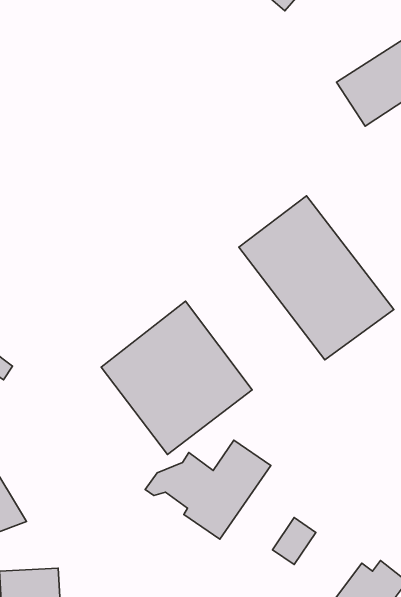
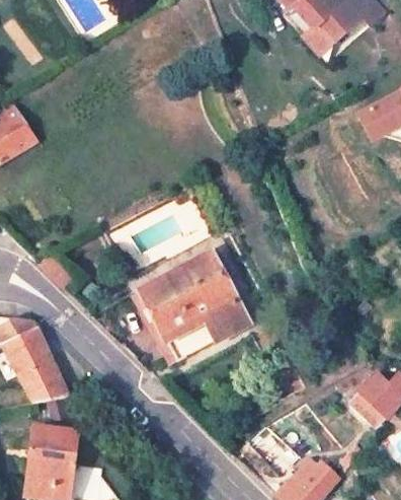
building: [239,196,394,360] -> none
building: [145,440,271,539] -> none

